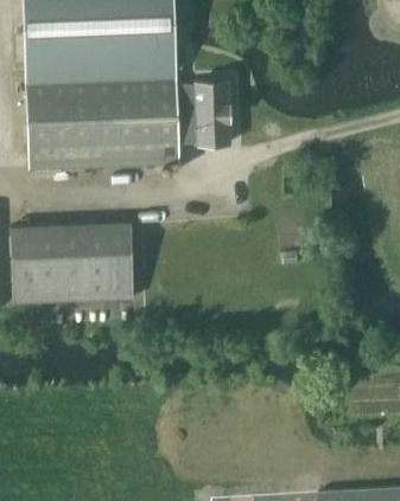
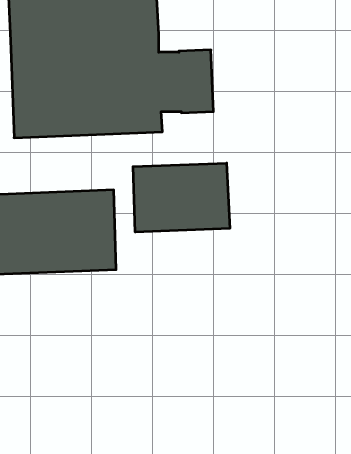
building: none -> [133,163,230,232]

